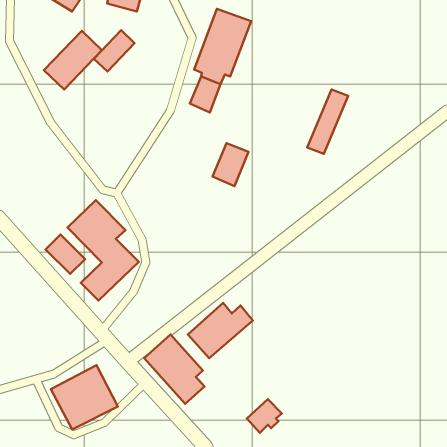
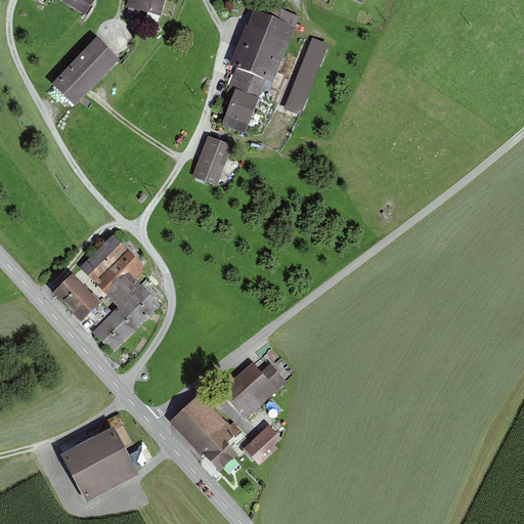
building: [94,30,135,72] -> none
building: [307,90,348,154] -> [283,38,332,113]
building: [212,143,248,186] -> [191,136,233,186]
building: [247,399,282,433] -> [243,423,283,462]

